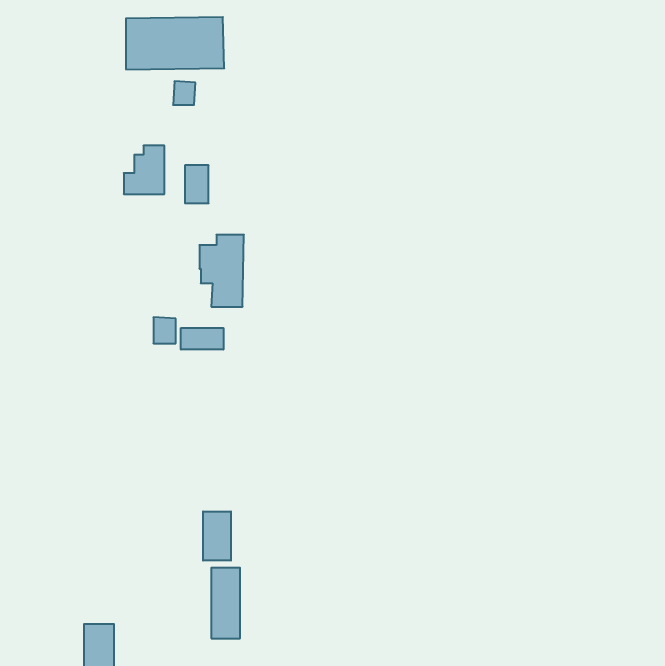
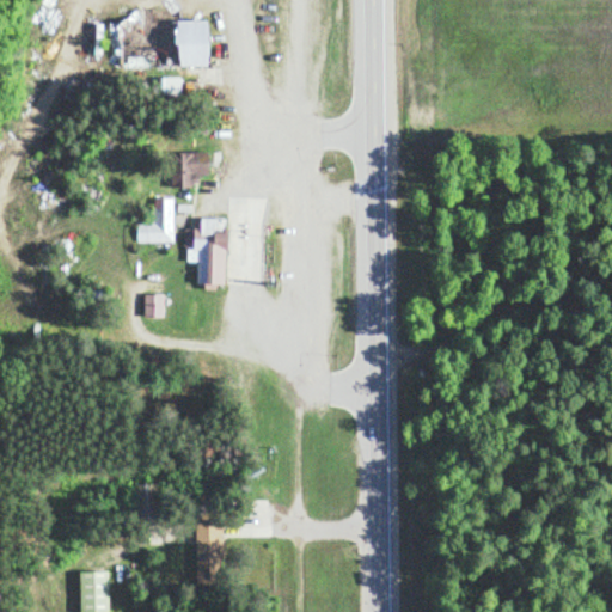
building: [124,146,164,194] -> [137,197,175,241]
building: [181,328,223,350] -> none
building: [203,511,231,561] -> none

